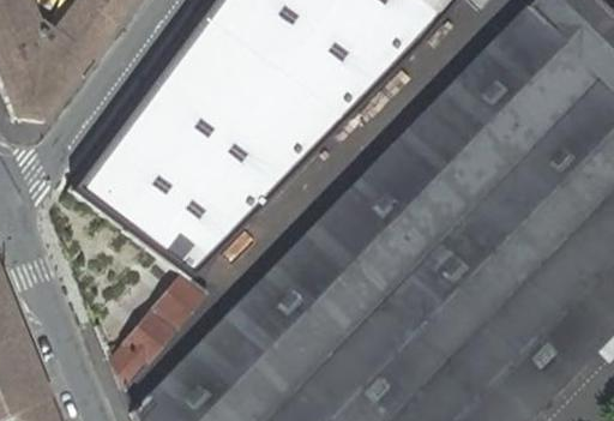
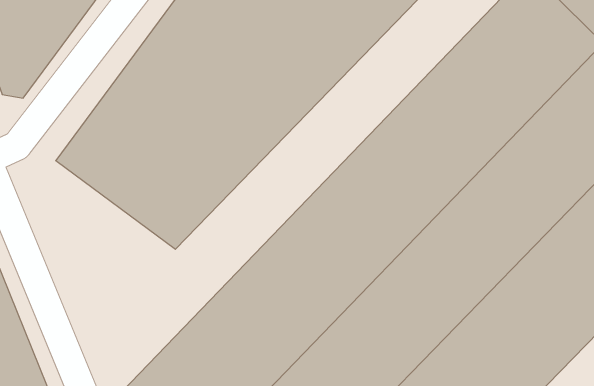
building: [114,275,211,393] -> none

